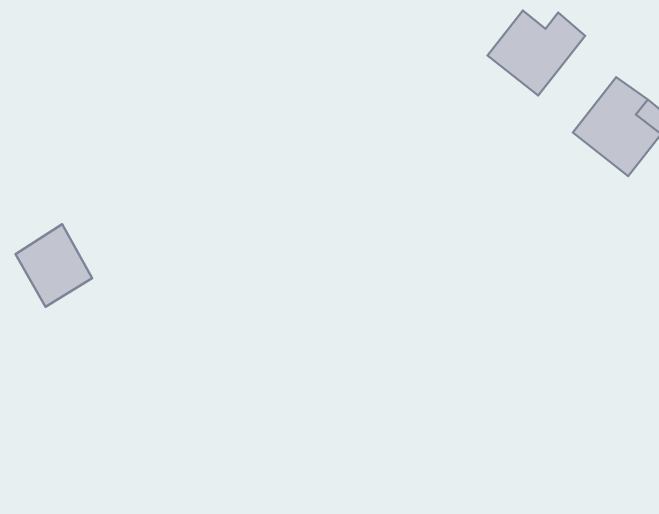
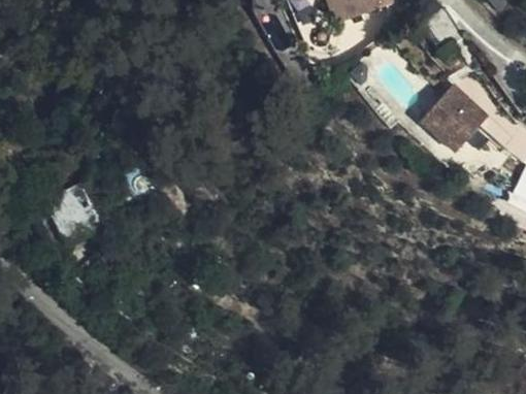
building: [487,10,585,96] -> none

